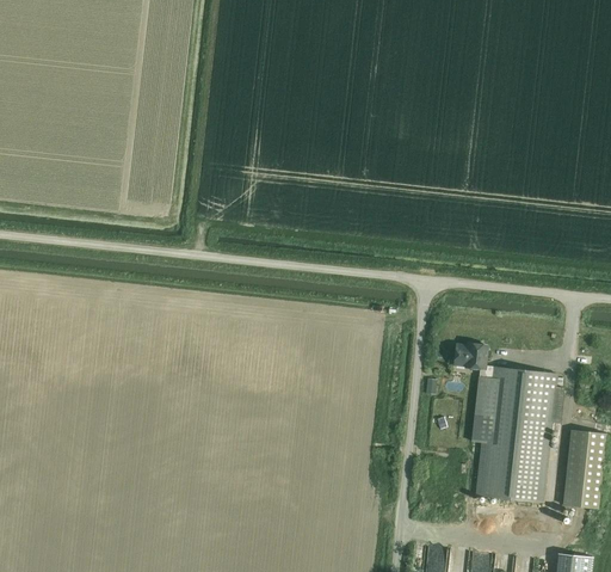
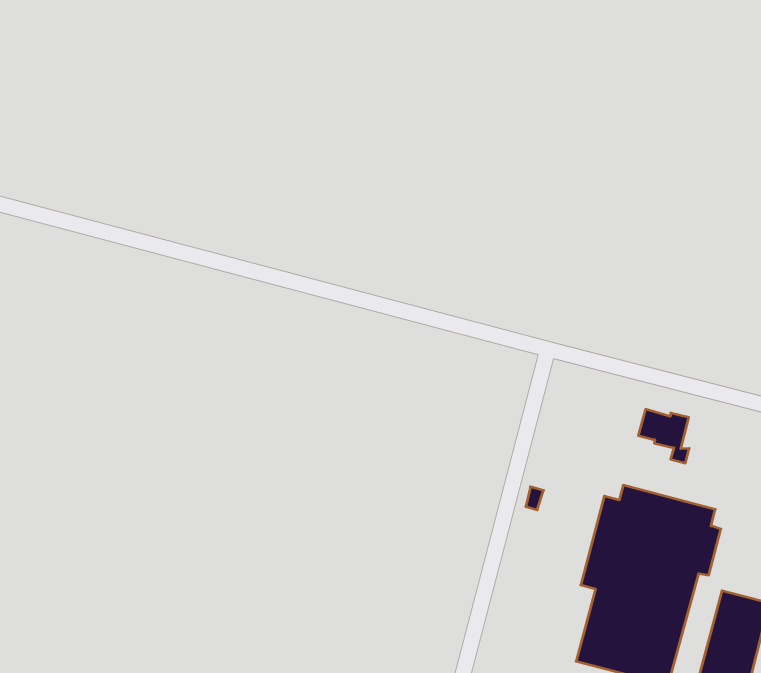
building: [450,344,487,377] -> [638,409,689,463]

